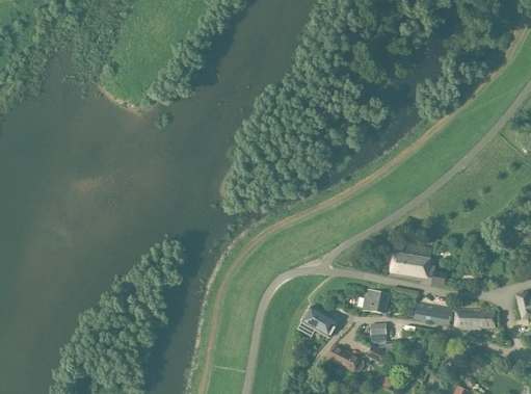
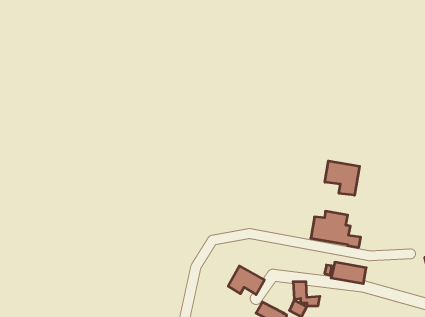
building: none -> [325,161,360,195]
building: [357,289,389,313] -> none
building: [461,309,495,330] -> none

